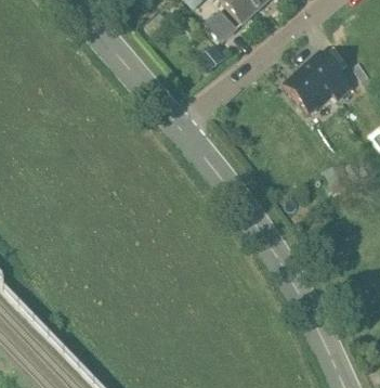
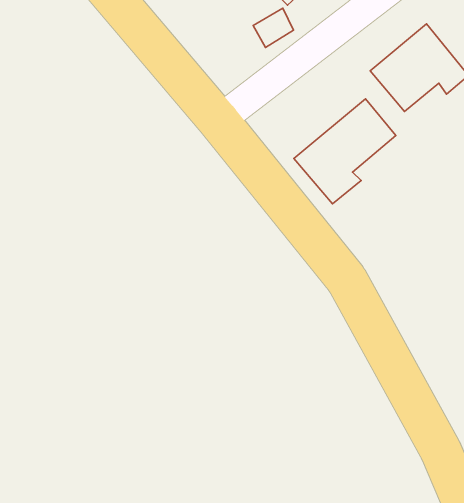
building: none -> [294,99,396,204]

